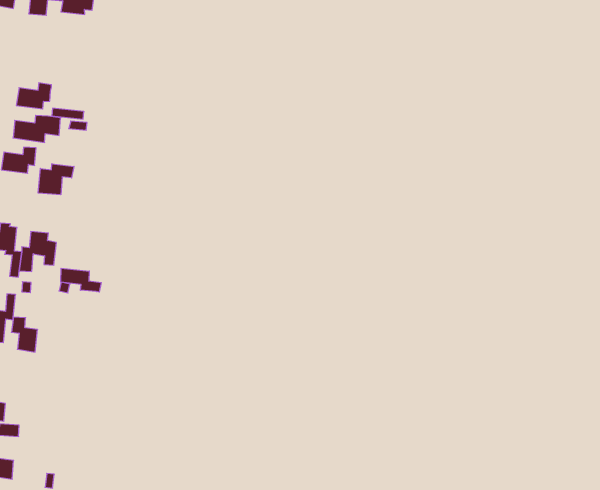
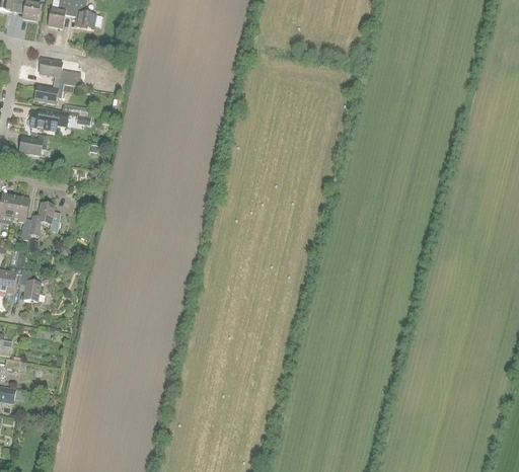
building: none -> [39,59,66,84]
building: [38,164,74,195] -> none
building: [61,268,101,292] -> none

